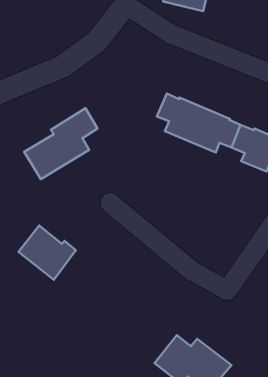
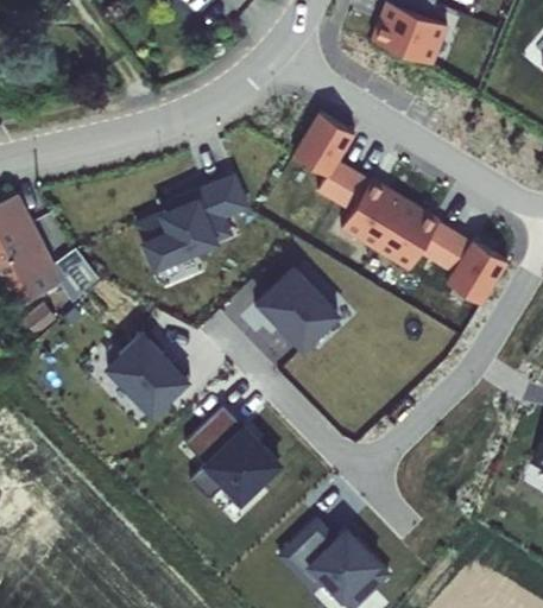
building: none -> [284,112,345,201]
building: none -> [245,267,328,348]
building: none -> [176,405,270,500]

